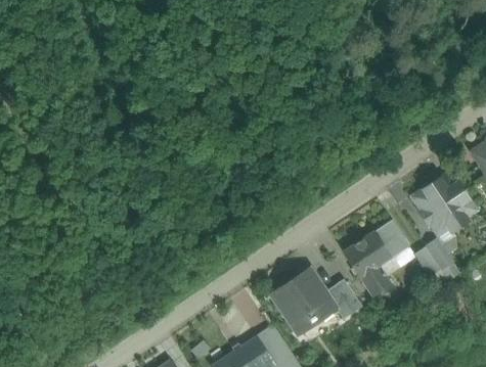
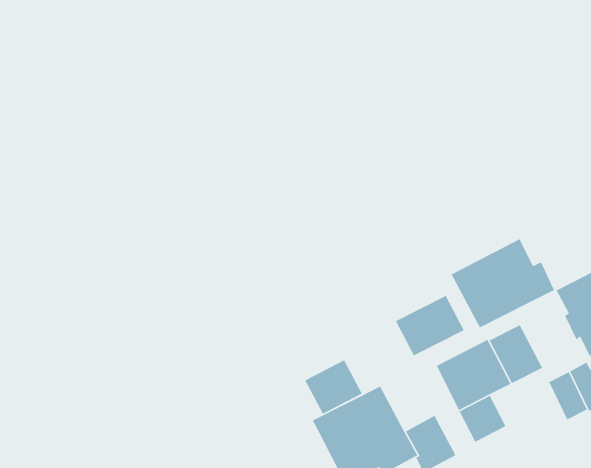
building: none -> [450,238,556,329]
building: none -> [395,295,465,357]
building: none -> [304,359,363,415]

